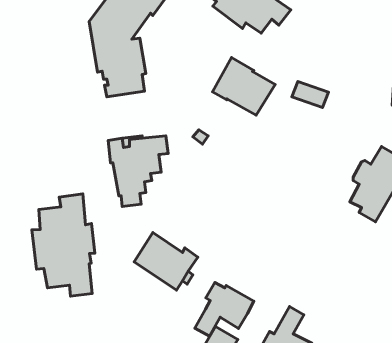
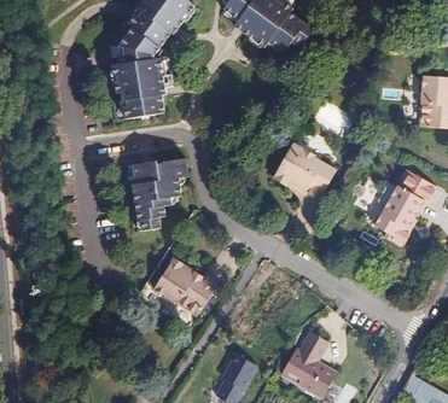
building: [213,58,275,115] -> [272,142,336,202]
building: [32,194,95,296] -> none
building: [195,283,254,336] -> none

